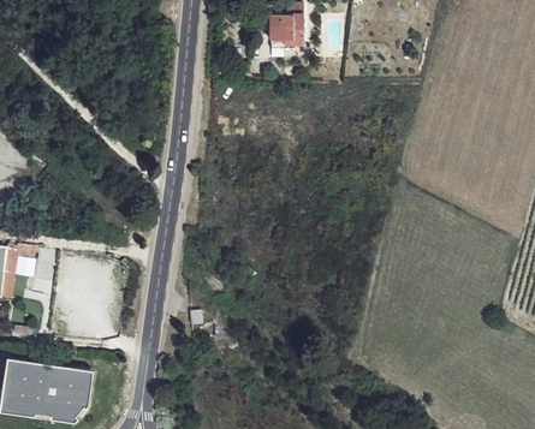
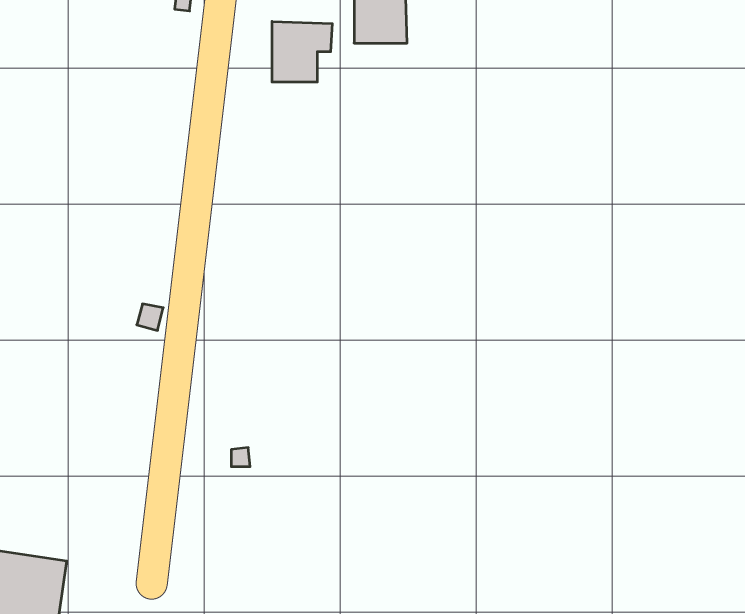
building: none -> [272,21,332,82]

